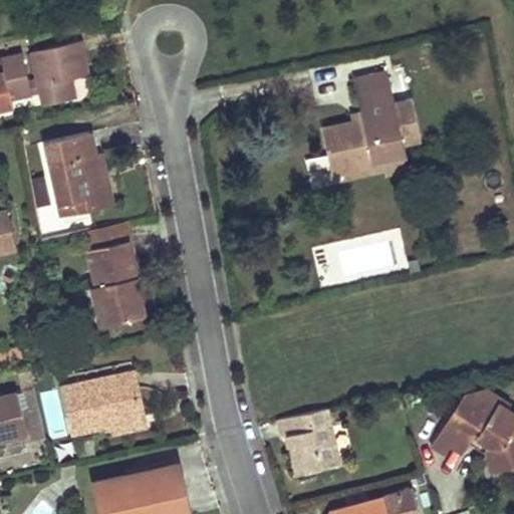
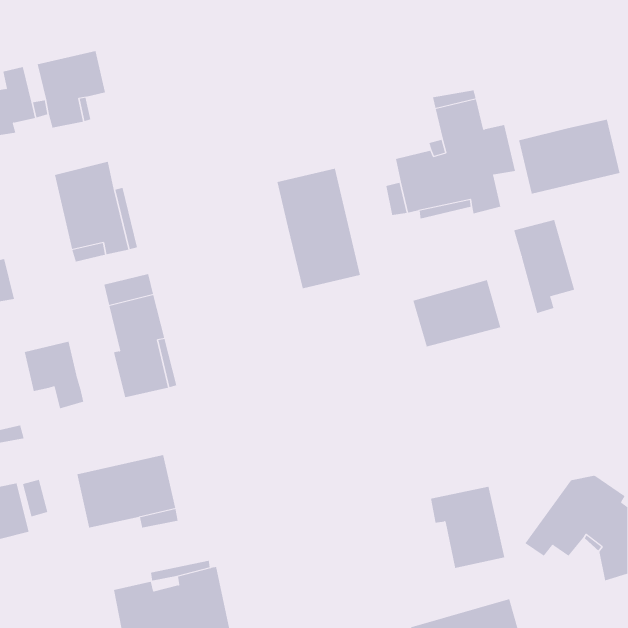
building: none -> [519,119,620,195]
building: none -> [277,168,361,289]
building: none -> [514,219,575,314]
building: none -> [24,341,84,409]
building: [281,407,342,474] -> [430,486,505,569]

